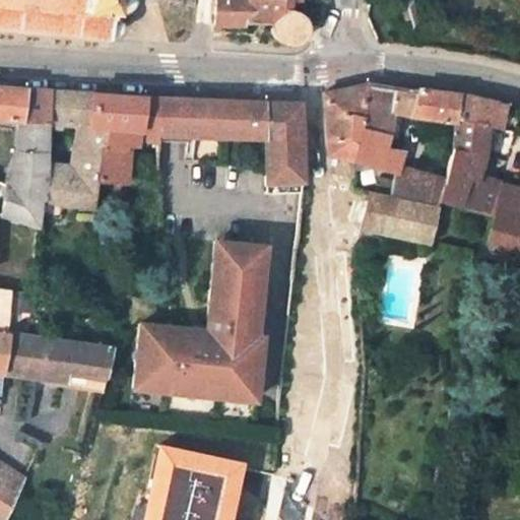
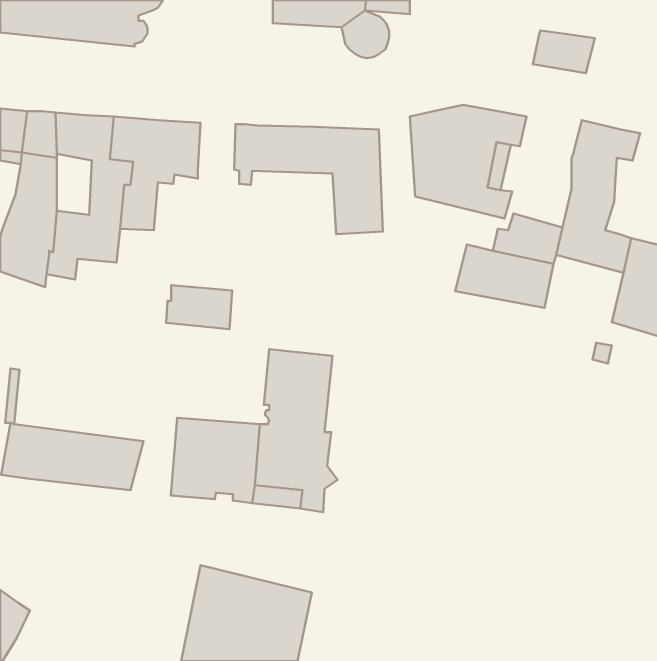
building: [411,88,460,122] -> [533,30,595,73]
building: [158,96,188,133] -> none
building: [214,245,266,279] -> [166,285,232,329]

